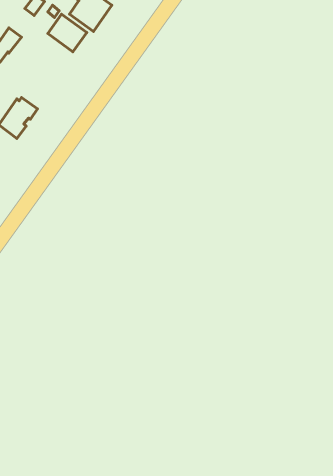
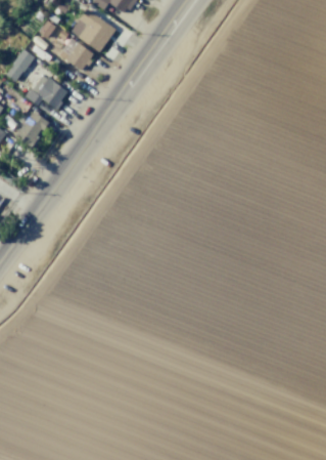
building: none -> [25,74,66,110]

